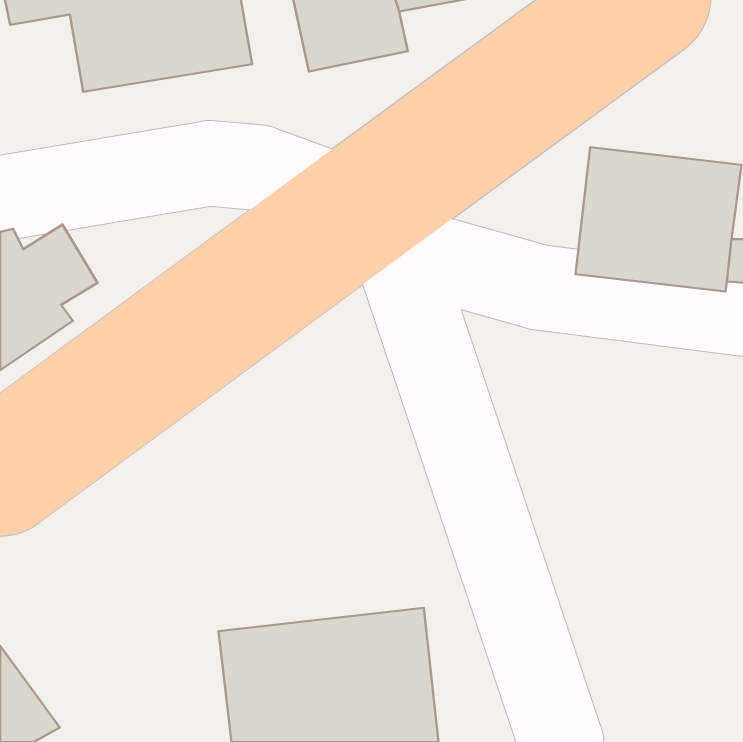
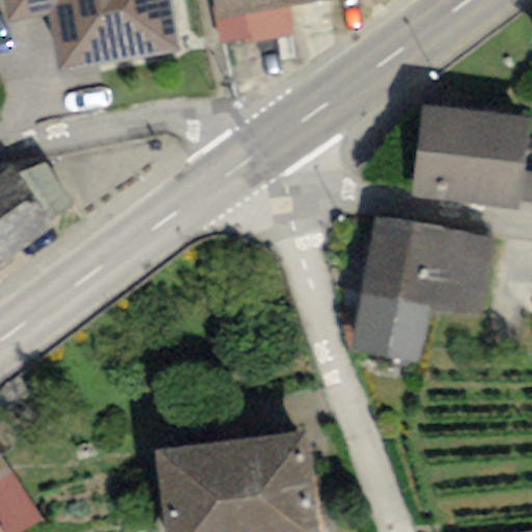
building: none -> [350,216,494,363]

